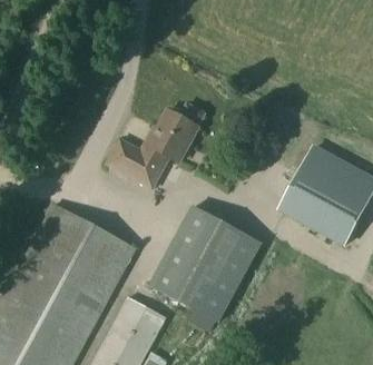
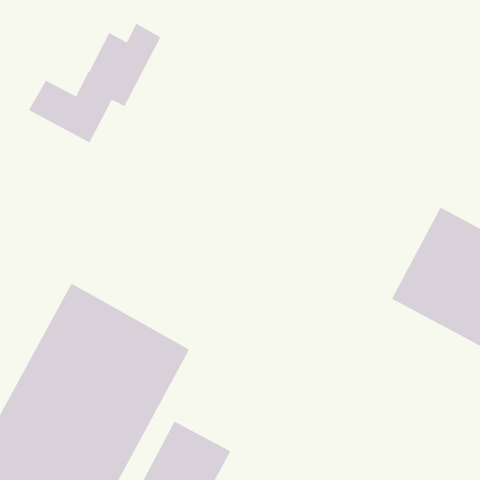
building: [110,102,204,187] -> [28,23,161,143]
building: [146,206,257,324] -> none

